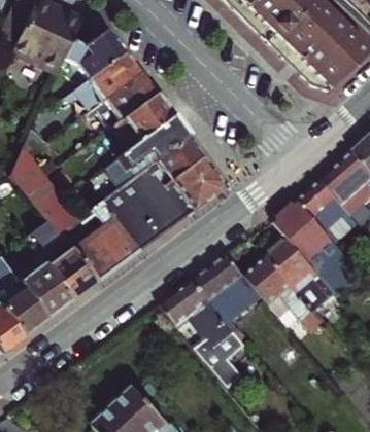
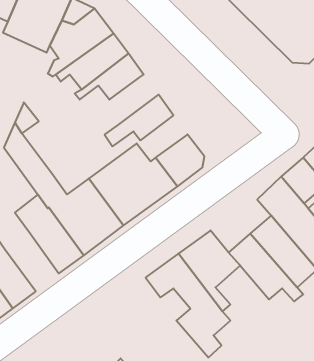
building: [113,94,171,145] -> none
building: [148,136,201,183] -> none
building: [12,255,68,317] -> none

